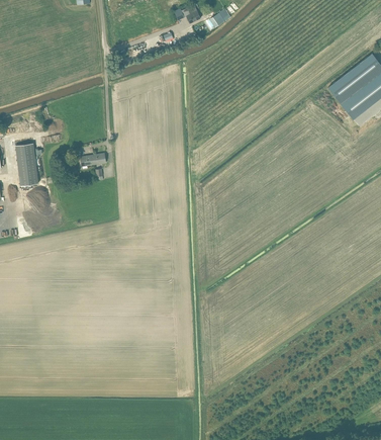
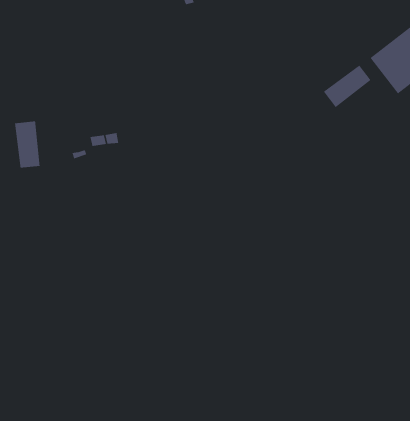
building: none -> [323,64,371,108]

